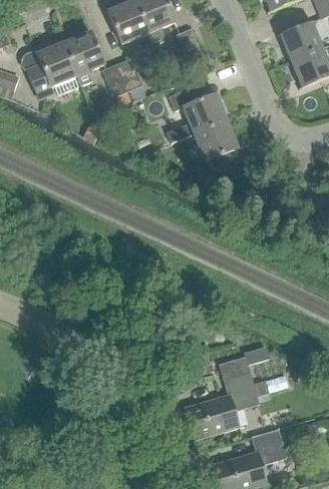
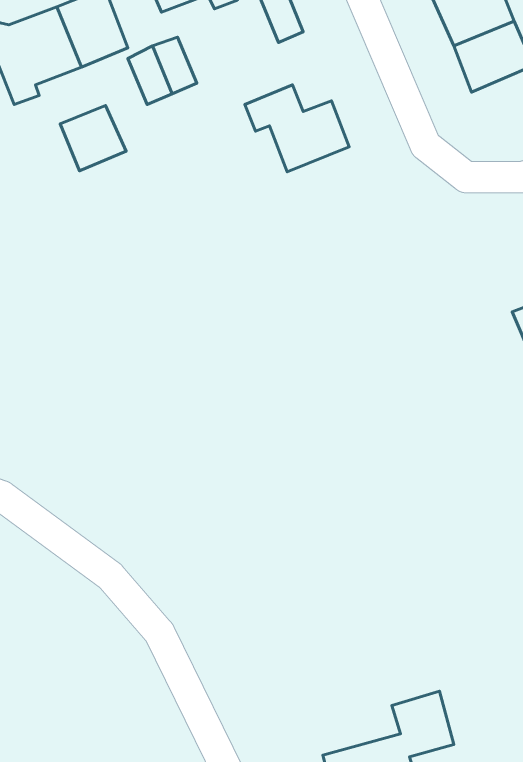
building: none -> [60,105,126,171]
building: [193,119,239,177] -> none
building: [185,346,269,439] -> none

